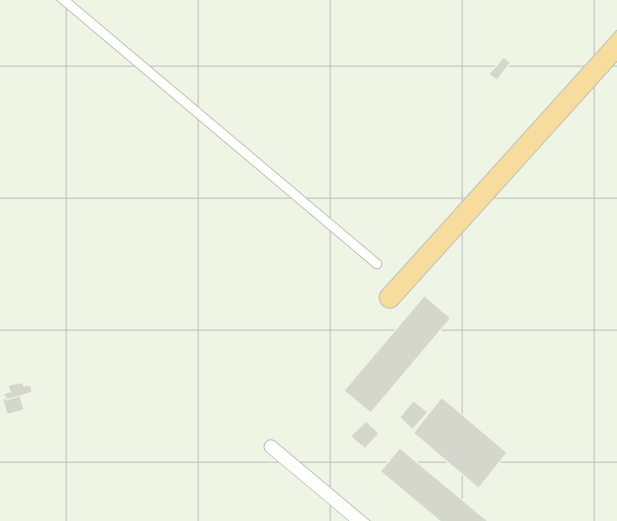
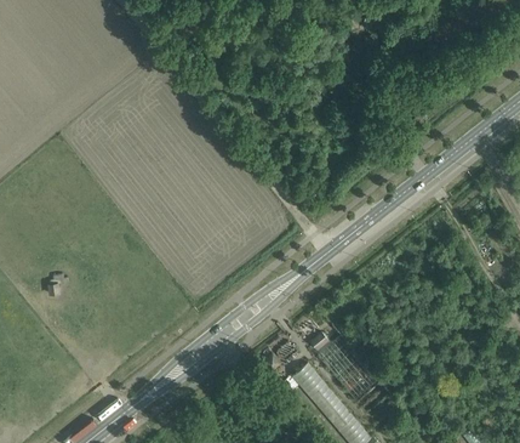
building: [344,296,451,413] -> none

